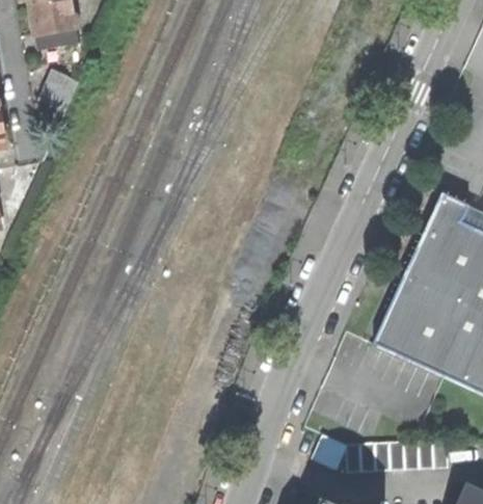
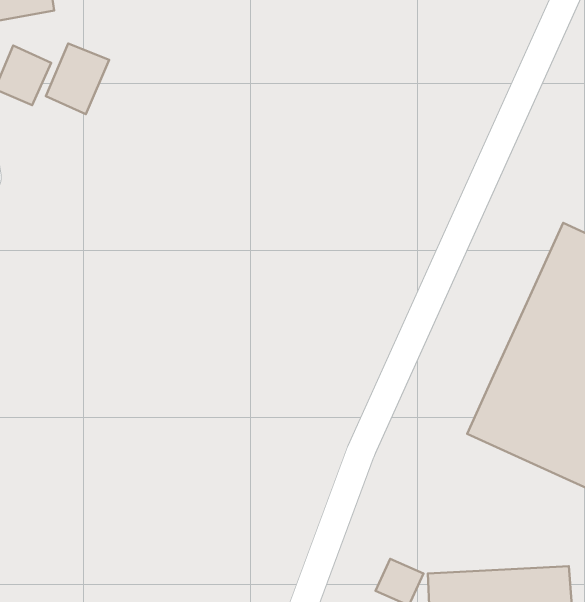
building: none -> [46,43,109,114]

